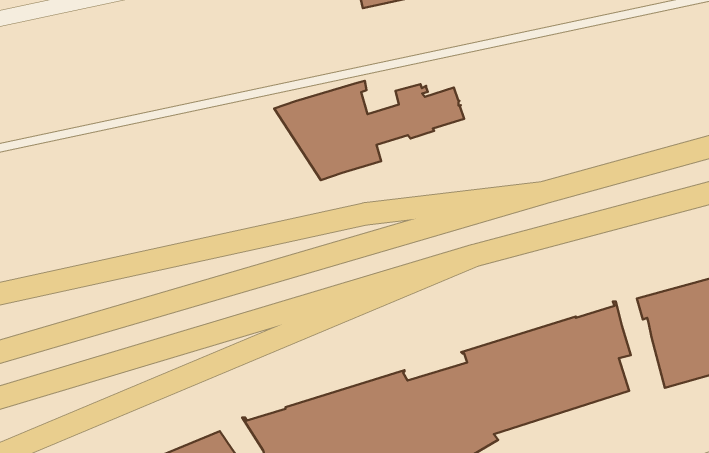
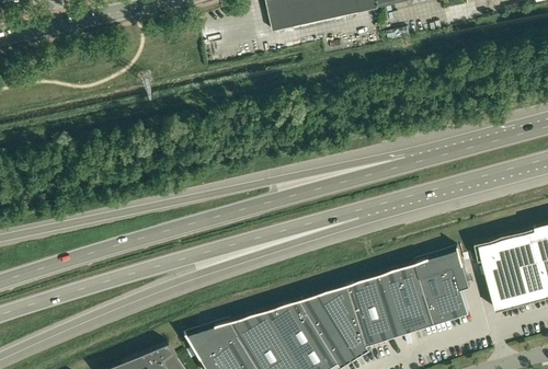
building: [274,81,464,180] -> none

